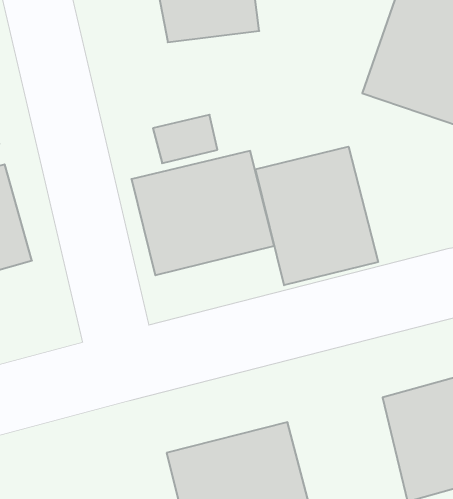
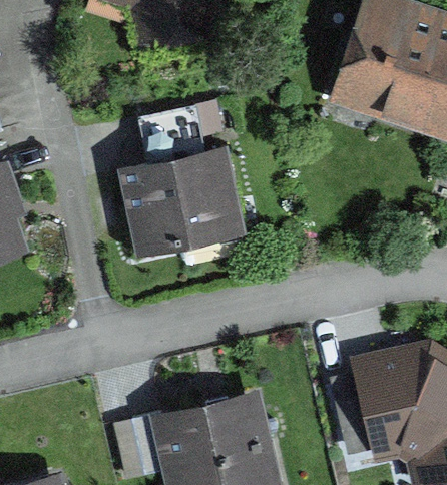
building: [255,147,378,285] -> none

